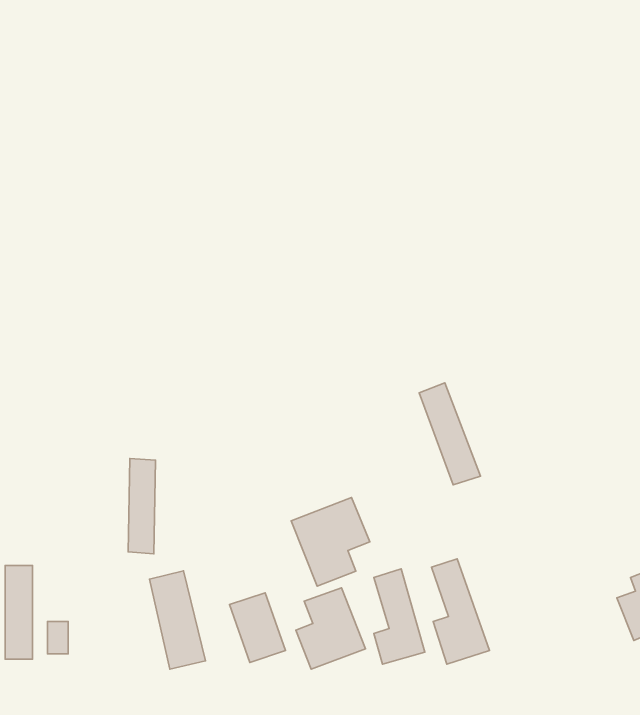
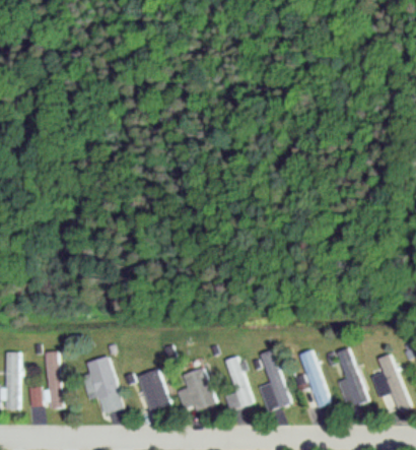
building: [419,383,480,485] -> [296,349,333,410]
building: [128,459,155,554] -> [45,351,61,408]
building: [291,497,370,586] -> none
building: none -> [327,346,367,407]

